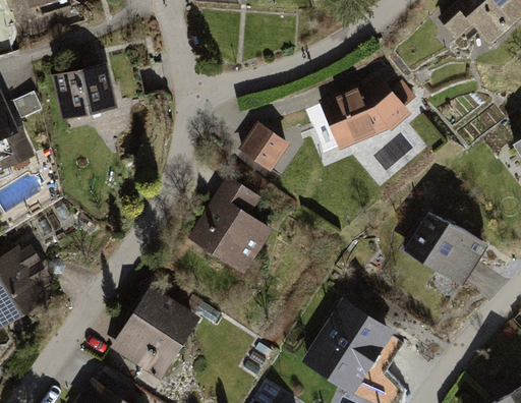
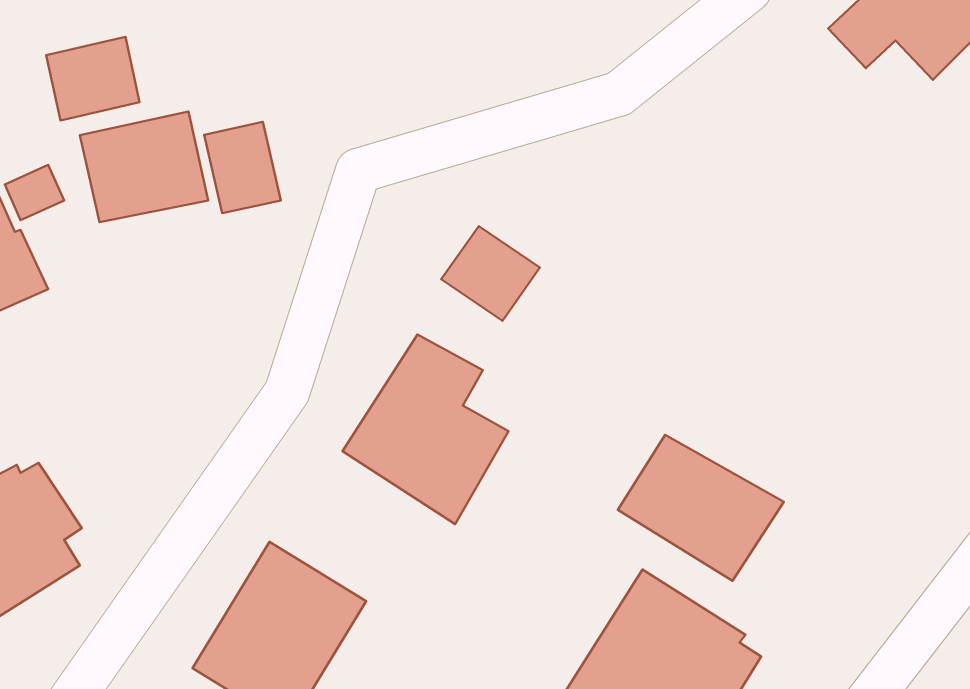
building: none -> [46,37,140,120]
building: none -> [204,122,281,213]
building: [317,71,410,151] -> none
building: [402,211,487,286] -> [618,435,784,581]

